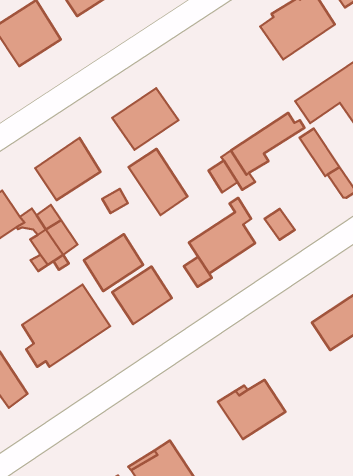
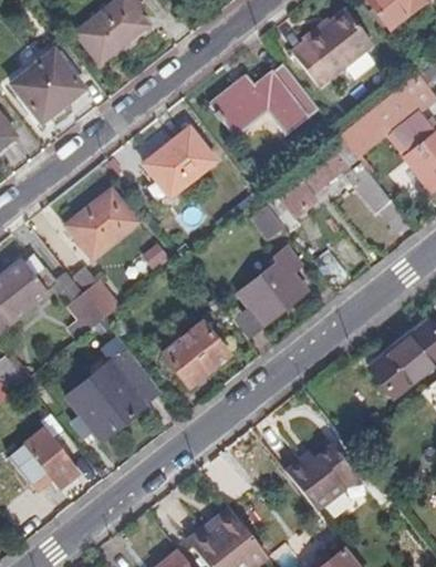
building: none -> [211,68,320,146]
building: [129,149,188,215] -> none
building: [84,234,143,291] -> none

